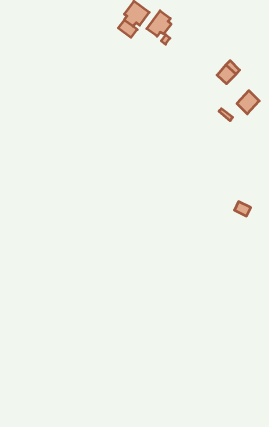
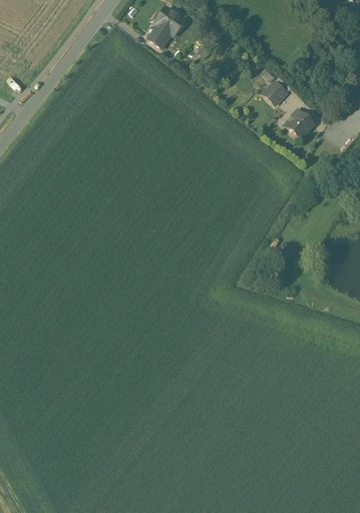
building: [147,11,171,36] -> none

